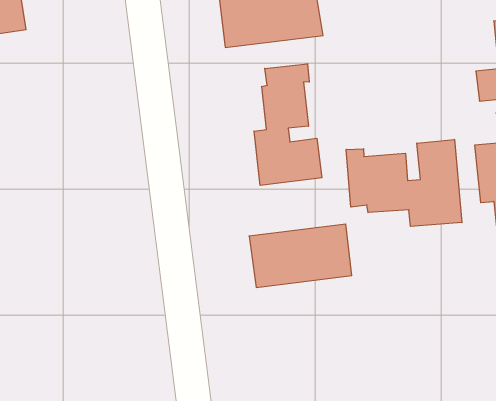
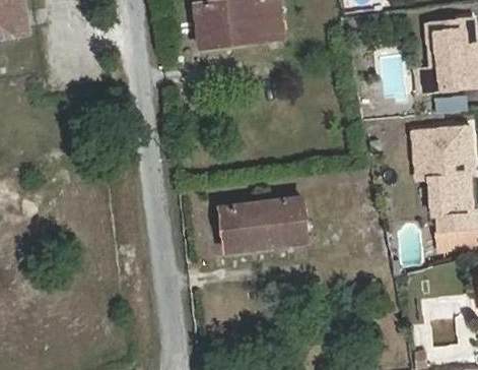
building: [254,64,322,185] -> none
building: [346,139,462,226] -> none

